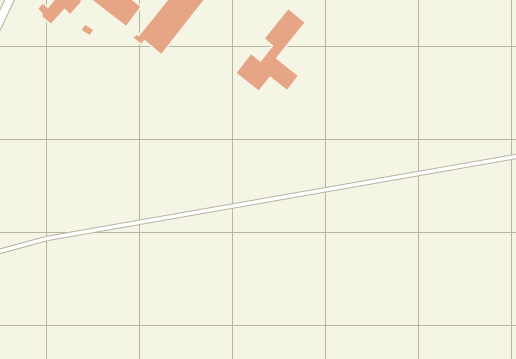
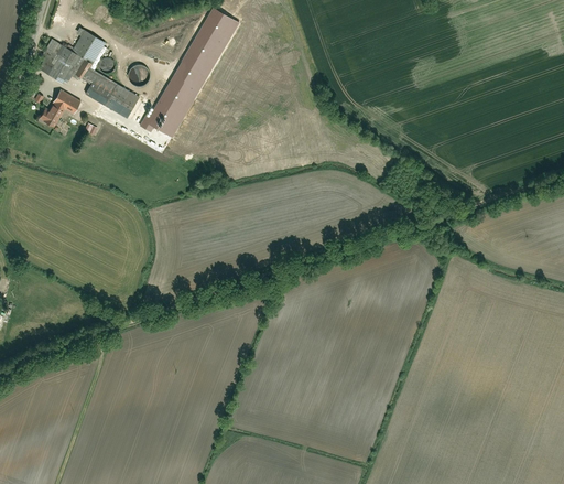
building: [236,8,306,92] -> none

